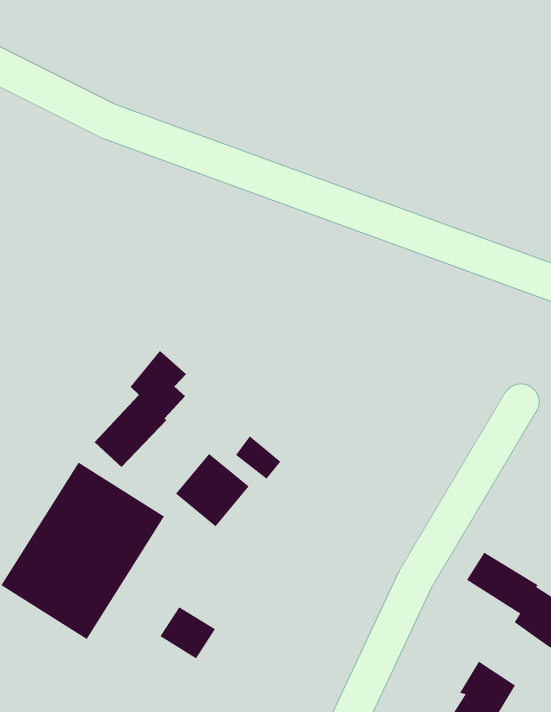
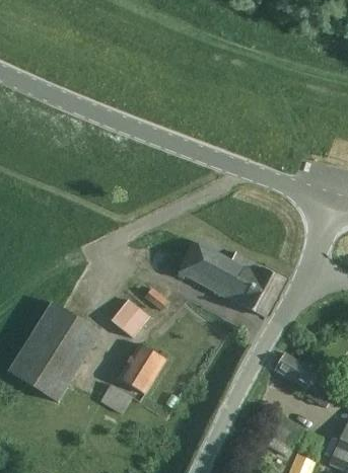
building: [94,350,187,468] -> none
building: none -> [178,240,283,315]
building: none -> [118,342,165,393]

